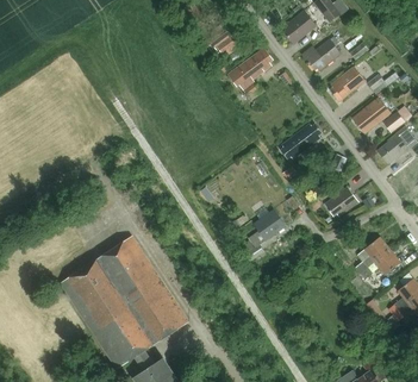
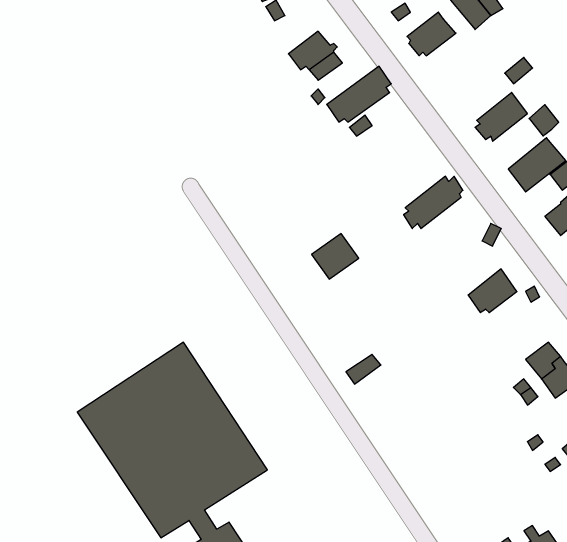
building: [302,31,342,70] -> none
building: [254,208,286,239] -> [312,234,359,279]

